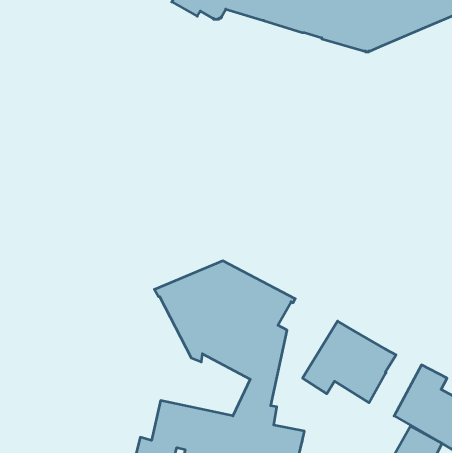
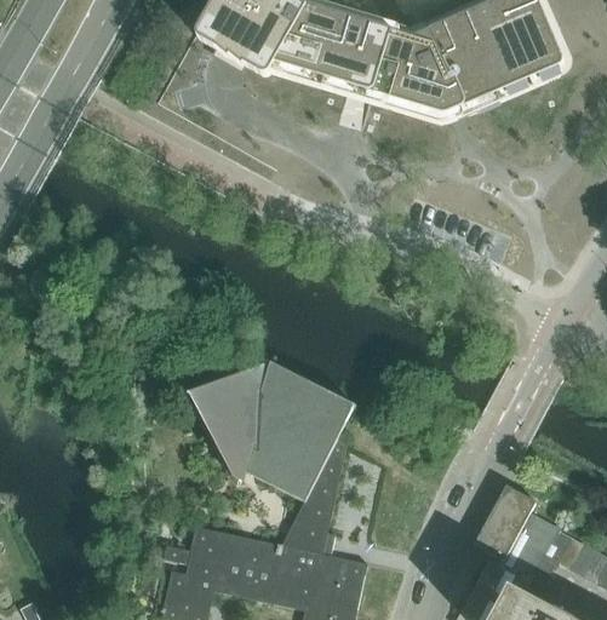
building: [303,321,396,403] -> none

